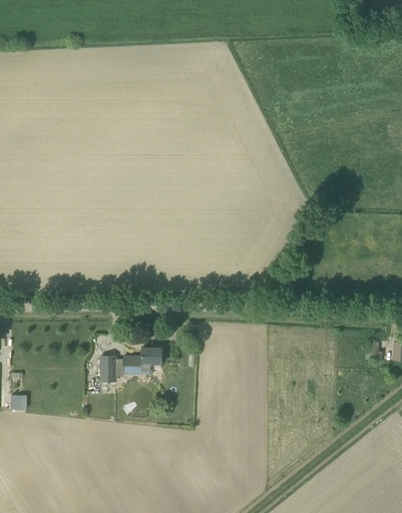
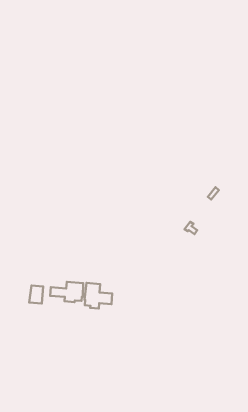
building: none -> [84,283,112,309]

